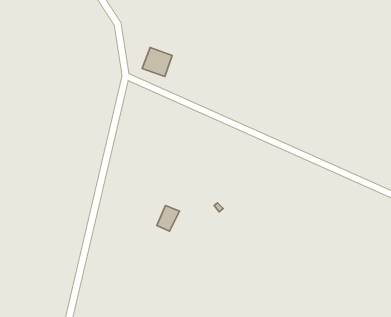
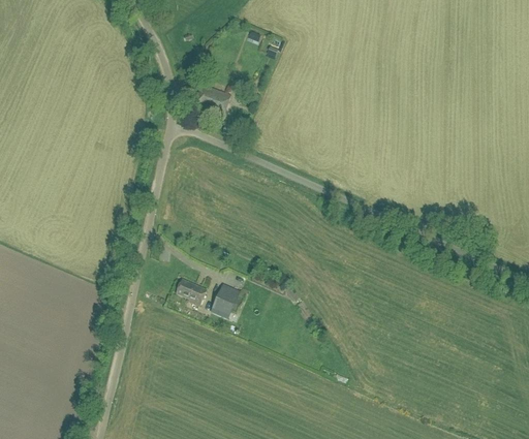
building: none -> [176,277,207,305]

